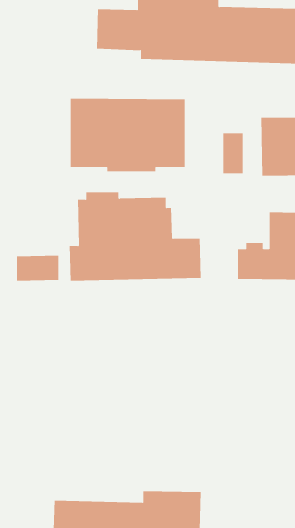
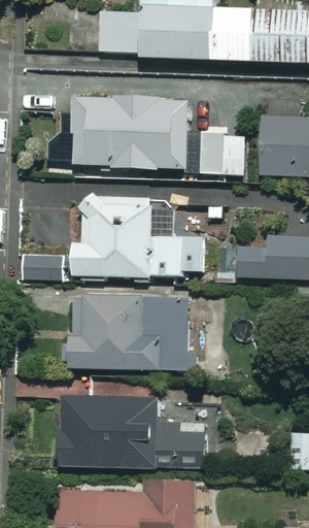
building: none -> [69,293,187,368]
building: none -> [56,395,205,469]

